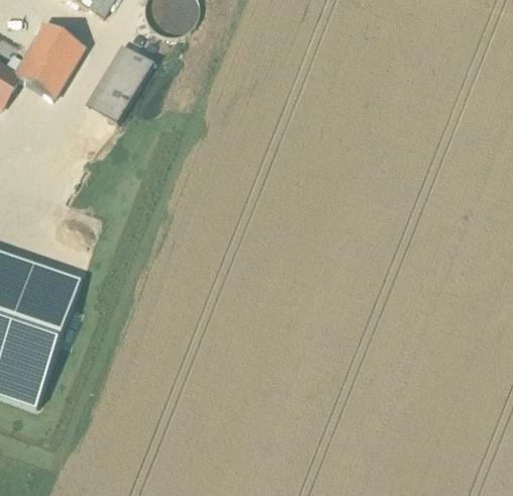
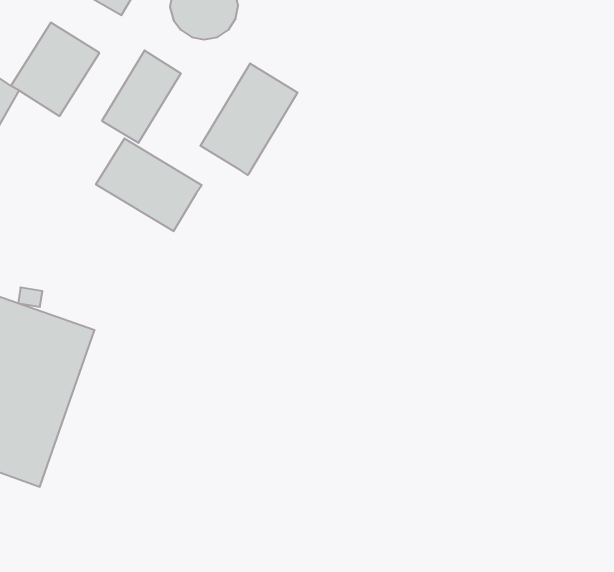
building: none -> [200,63,298,175]
building: none -> [96,138,202,231]

